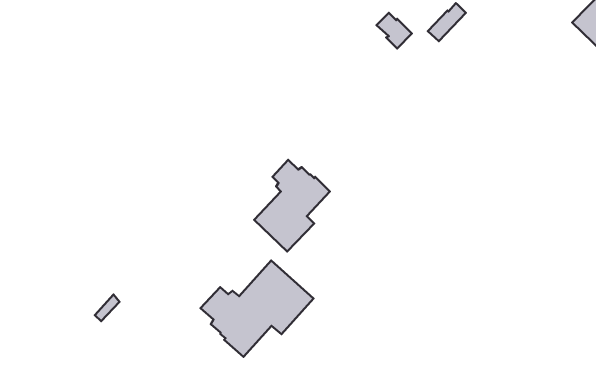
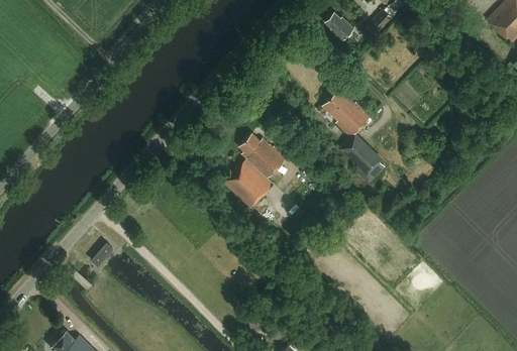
building: none -> [321,91,385,185]
building: [200,261,314,357] -> none

